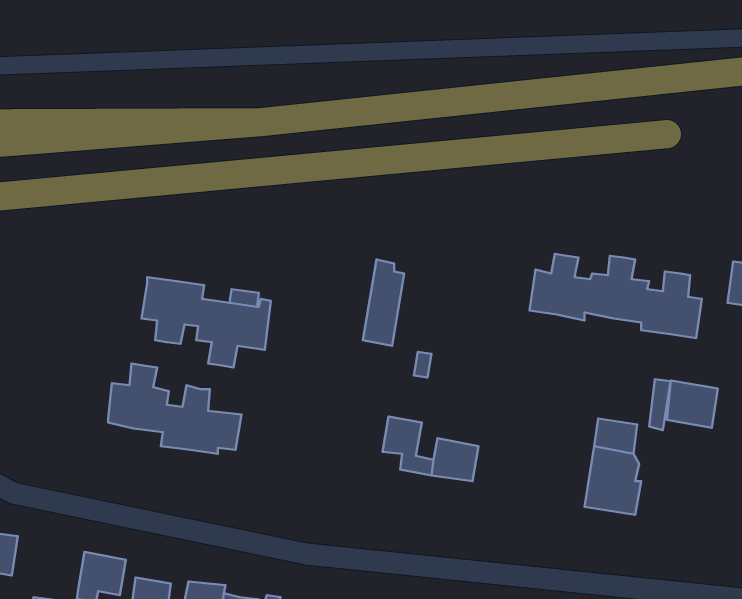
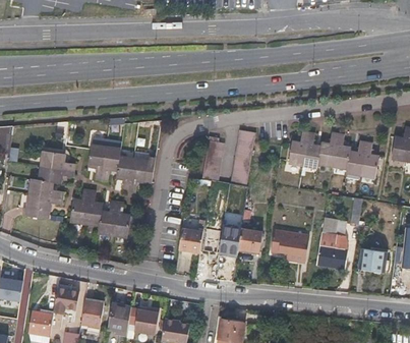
building: none -> [231,130,255,185]
building: none -> [22,151,73,220]
building: [667,381,718,428] -> [359,248,386,273]
building: none -> [178,228,203,253]
building: none -> [272,230,309,263]

